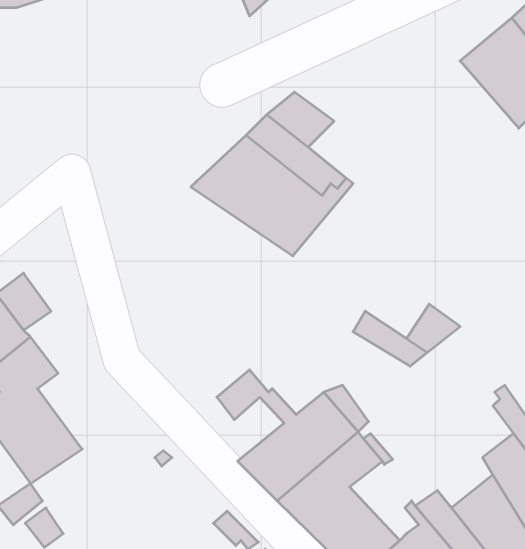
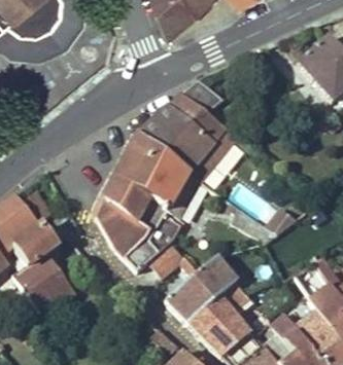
building: none -> [97,136,201,269]

